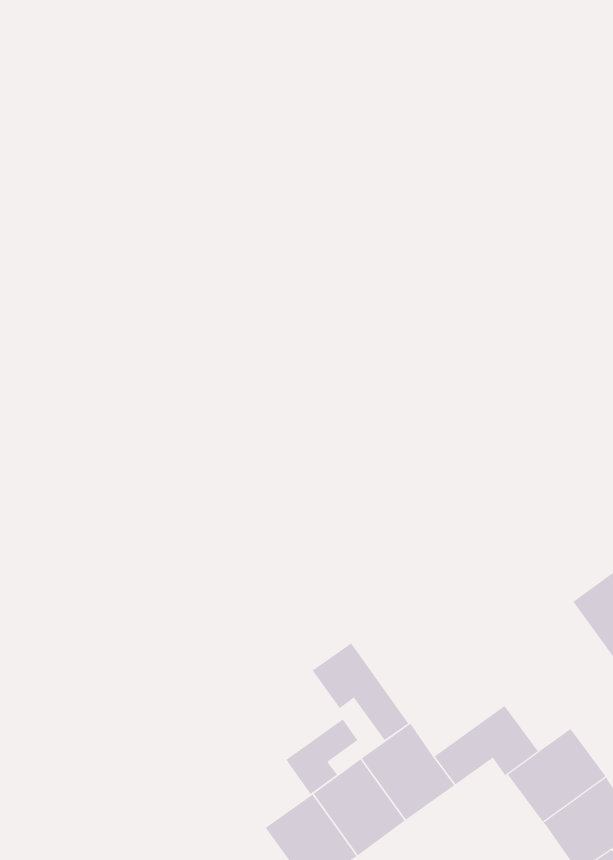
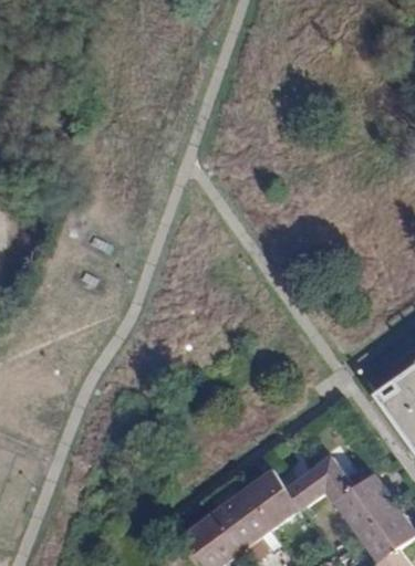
building: [312,642,409,741] -> none
building: [285,718,358,795] -> none

